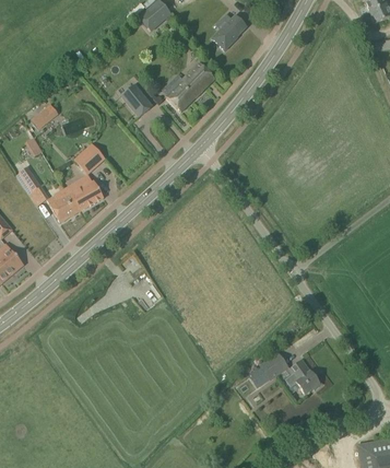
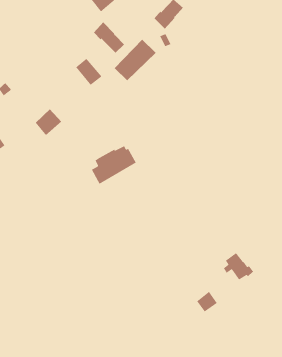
building: none -> [93,21,125,53]
building: [50,176,104,222] -> [91,145,137,185]
building: [286,360,322,393] -> [223,252,254,280]

